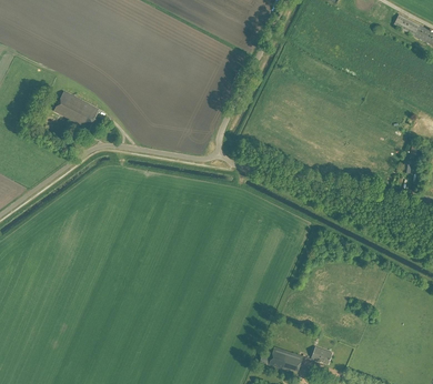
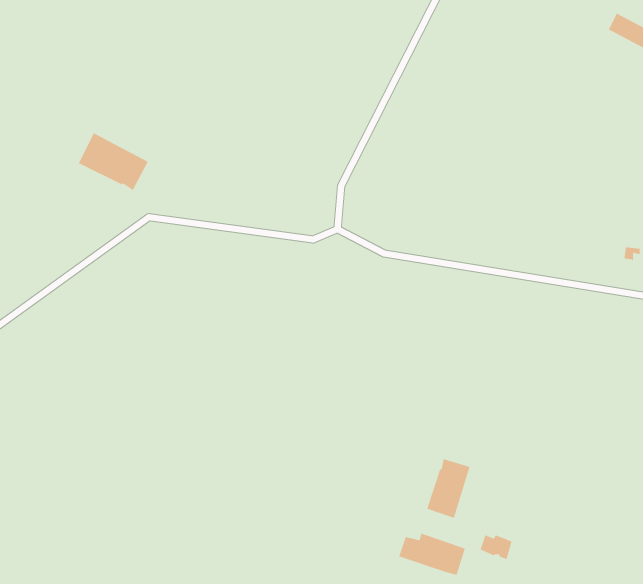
building: none -> [426,458,470,519]

